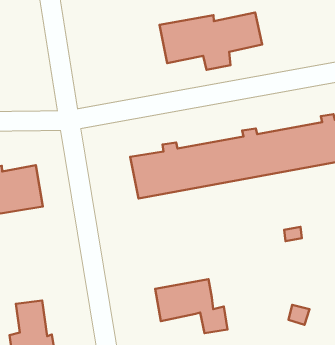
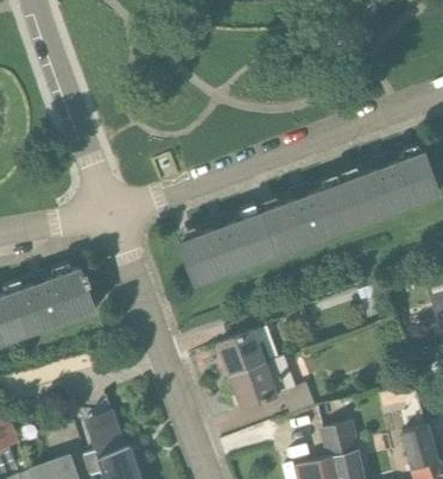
building: [160,12,262,70] -> none
building: none -> [216,319,284,378]

